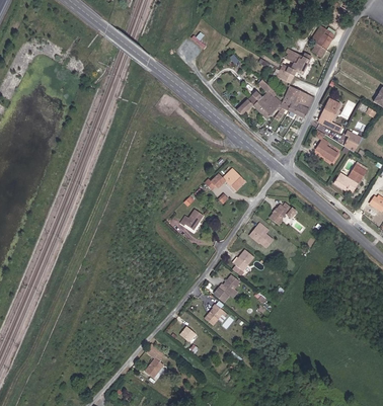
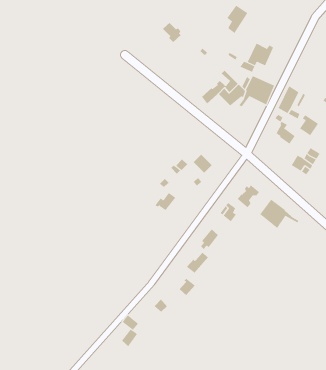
building: [311,24,334,56] -> [227,5,248,34]
building: none -> [259,199,299,229]

